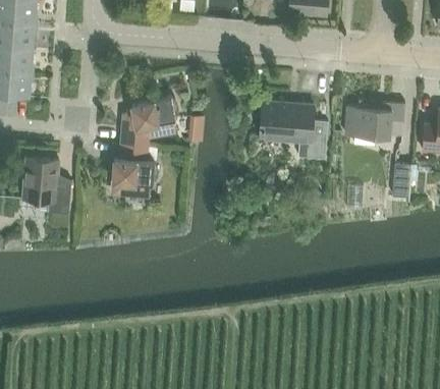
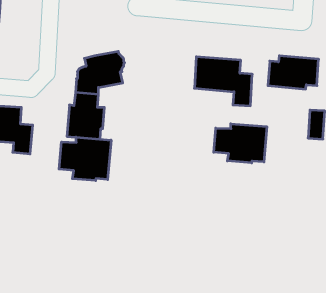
building: none -> [214,124,267,163]
building: none -> [59,137,111,181]

